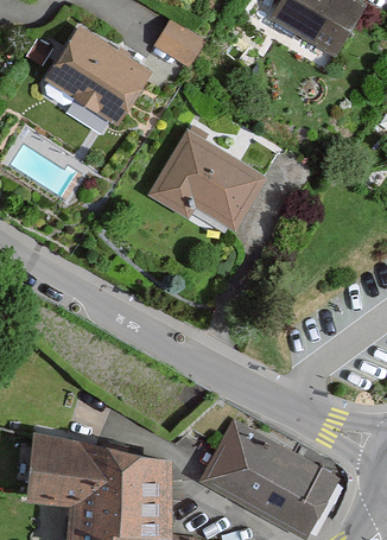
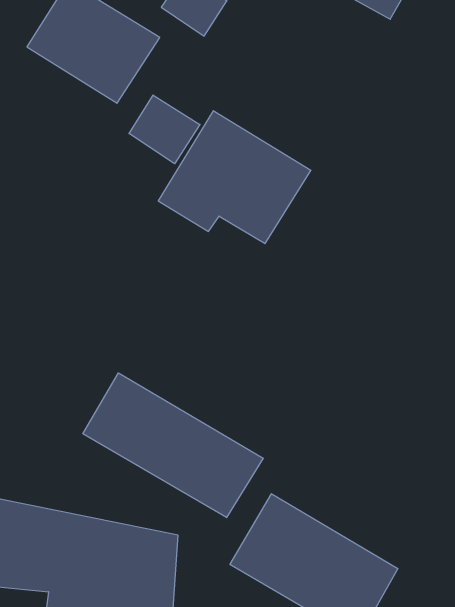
building: none -> [129,95,200,164]
building: none -> [83,373,263,518]

